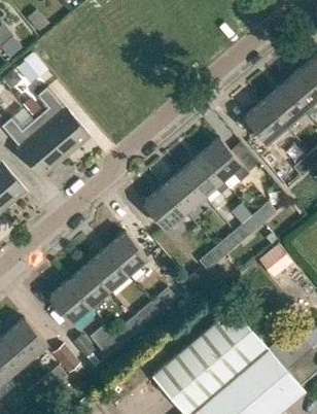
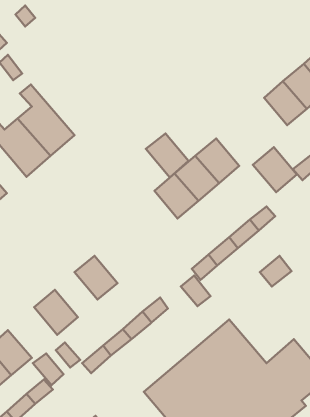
building: [245,101,286,143] -> [253,147,297,192]
building: [143,188,183,230] -> [146,133,189,177]
building: [105,233,146,275] -> none
building: [68,265,108,307] -> none

